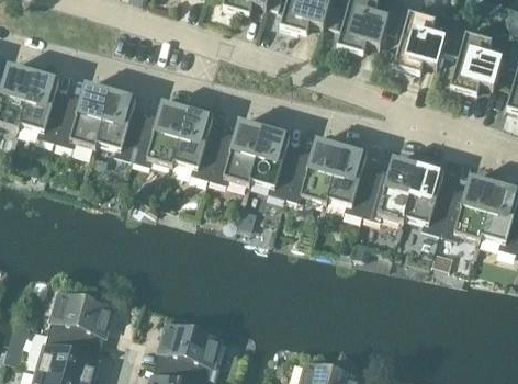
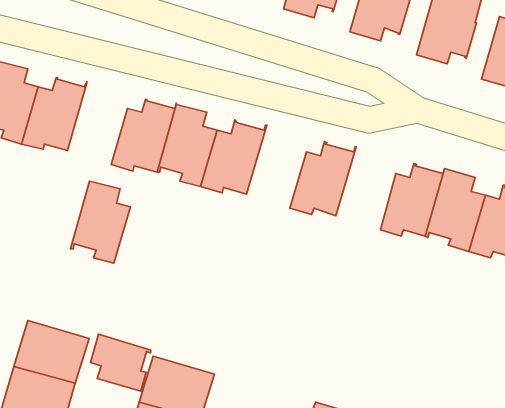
building: [93,88,145,158] -> [70,181,131,263]
building: [247,124,299,195] -> none
building: [324,143,375,214] -> none
building: none -> [90,334,151,391]

